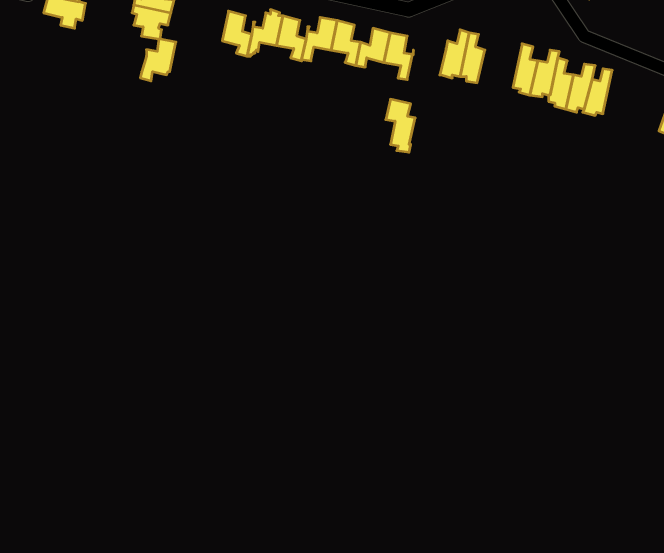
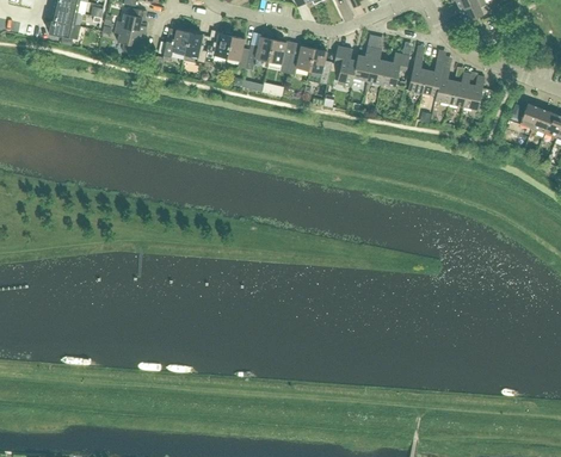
building: [140,39,176,81] -> [162,29,190,61]
building: none -> [381,53,409,88]
building: [386,99,415,152] -> [334,45,357,86]

